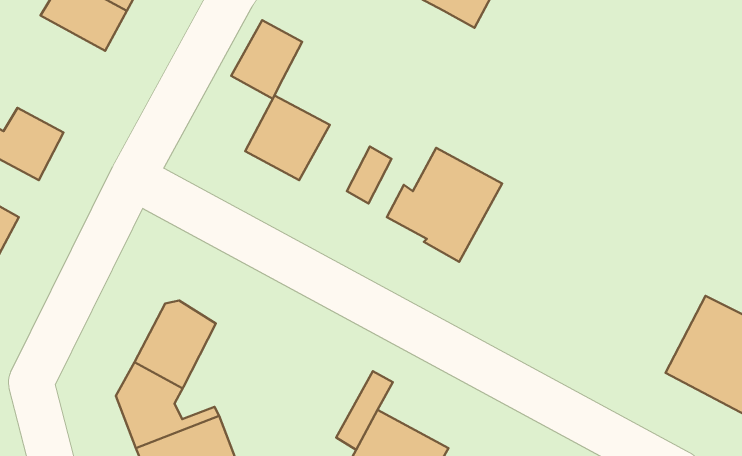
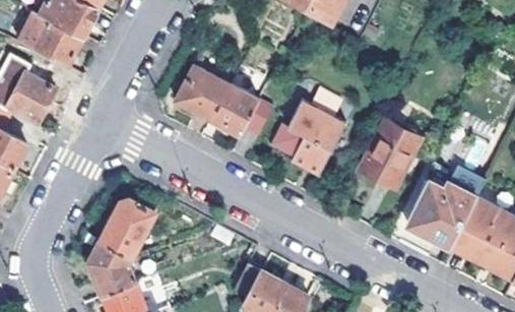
building: none -> [19,11,85,70]
building: [231,20,302,99] -> [210,84,257,136]
building: none -> [357,118,421,188]
building: none -> [409,180,478,248]

